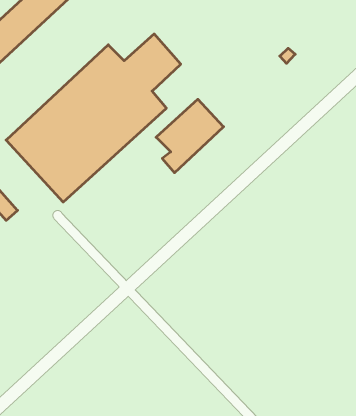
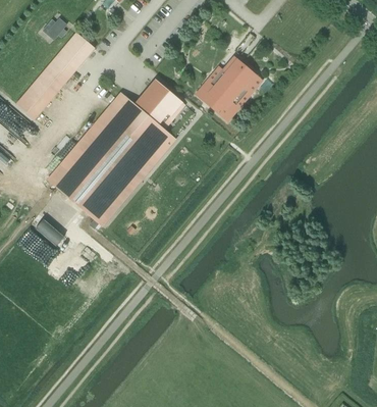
building: [156,99,224,173] -> [204,56,257,117]

